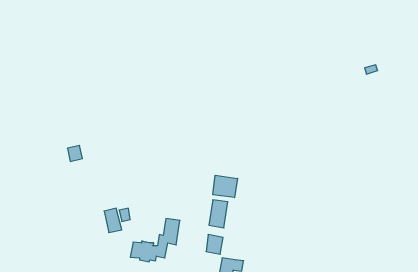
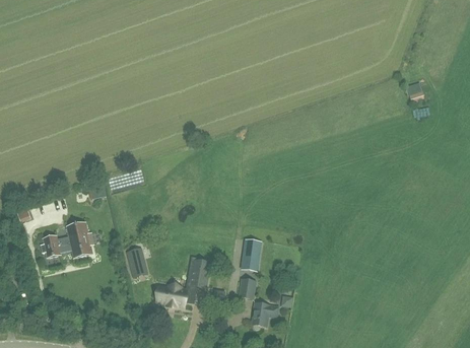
building: [213,175,238,198] -> none
building: none -> [40,221,91,257]

